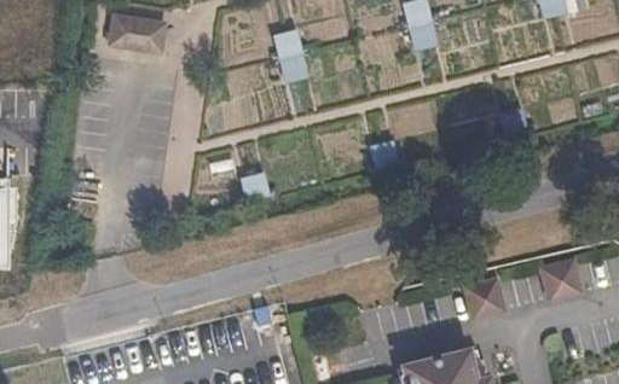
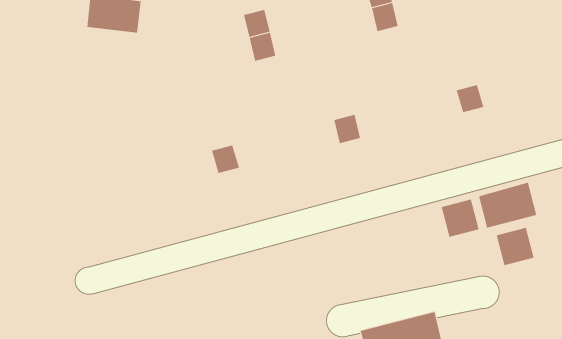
building: none -> [478,182,537,229]
building: [464,279,505,320] -> [441,199,480,238]

